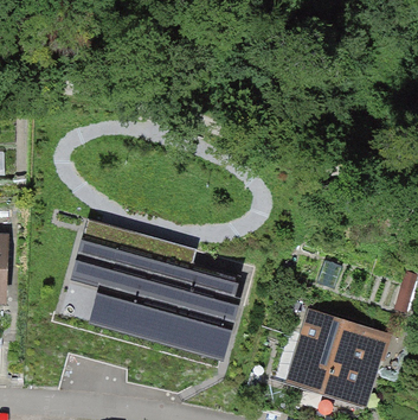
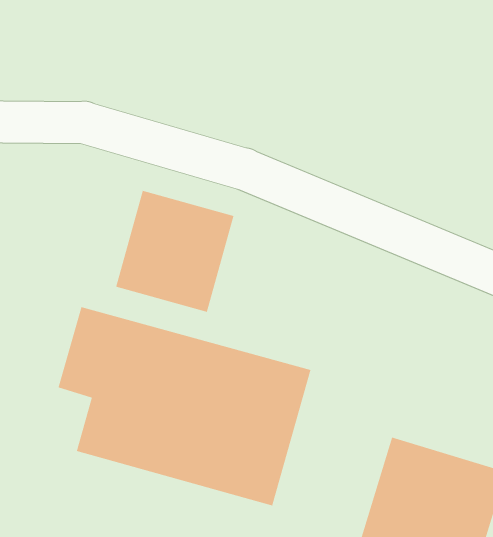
building: none -> [115,190,235,313]

